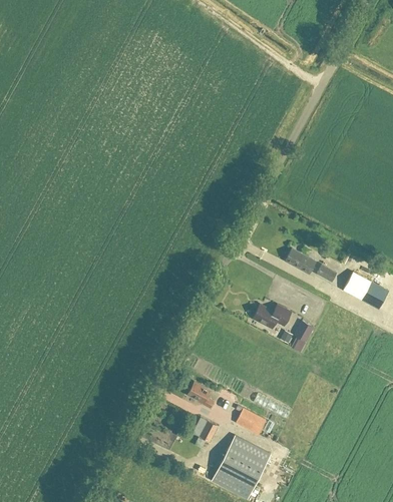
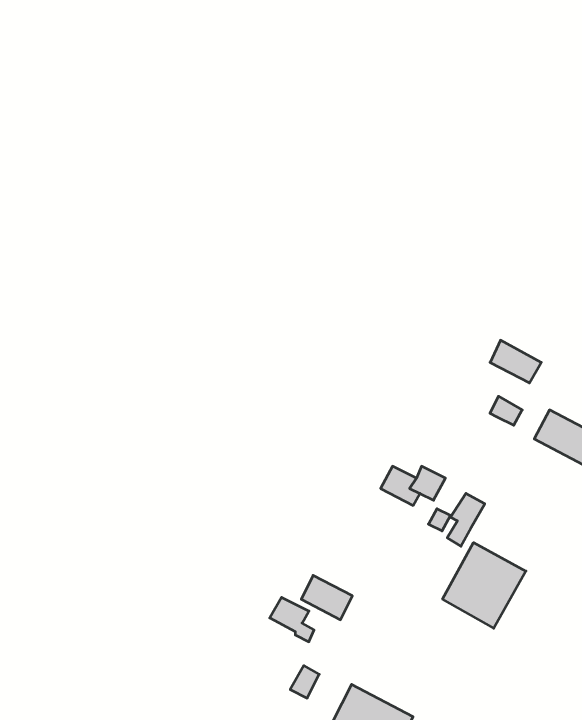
building: [286,247,316,273] -> [490,340,541,383]
building: none -> [443,543,526,628]
building: [236,408,266,434] -> [301,575,352,620]

